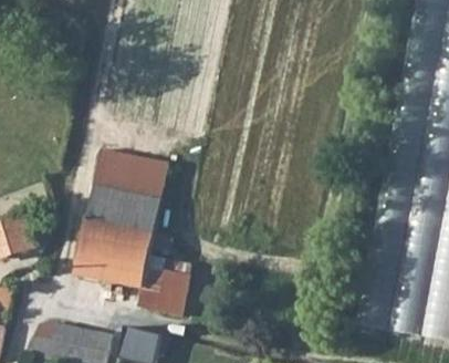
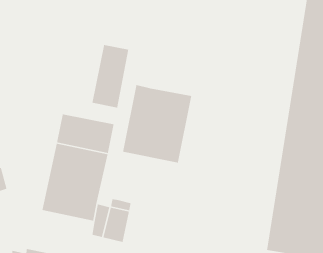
building: none -> [92,44,129,108]
building: none -> [122,84,192,163]

